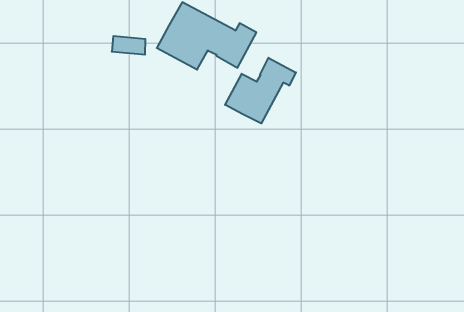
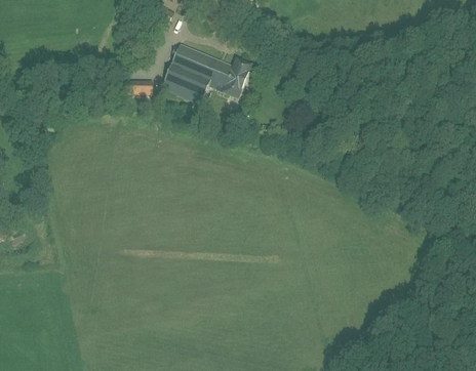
building: [225,58,296,123] -> none

